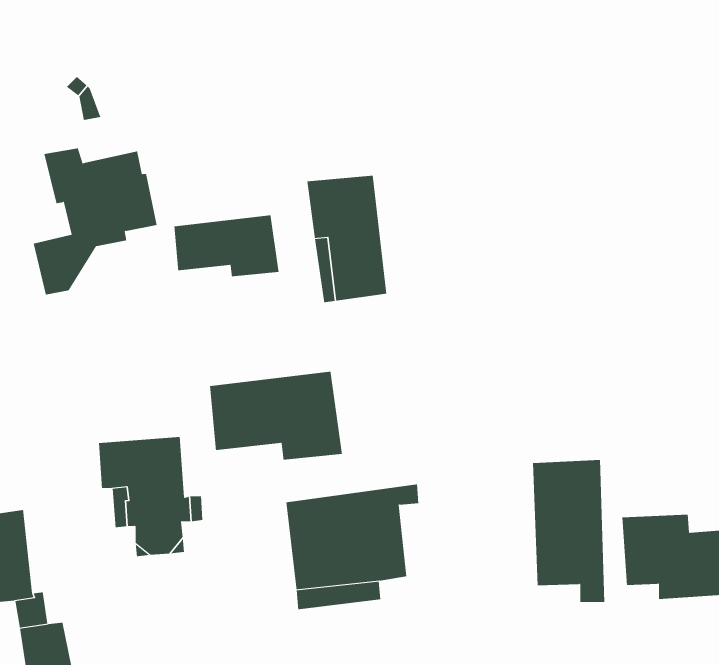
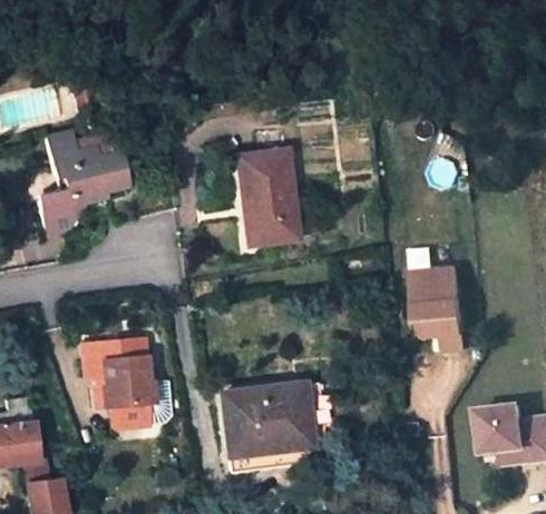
building: [174,215,279,277] -> none
building: [209,371,343,460] -> none
building: [532,460,605,603] -> [406,246,459,350]

